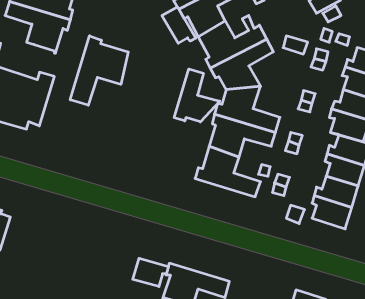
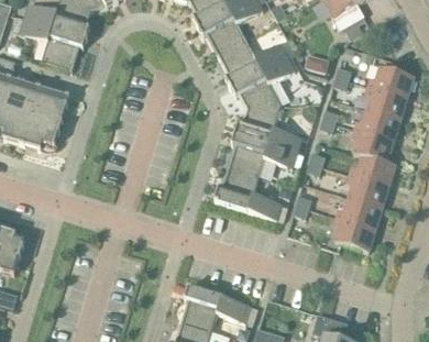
building: [162,7,196,43] -> none
building: [70,36,128,105] -> none
building: [174,69,220,122] -> none
building: [133,258,168,287] -> none

